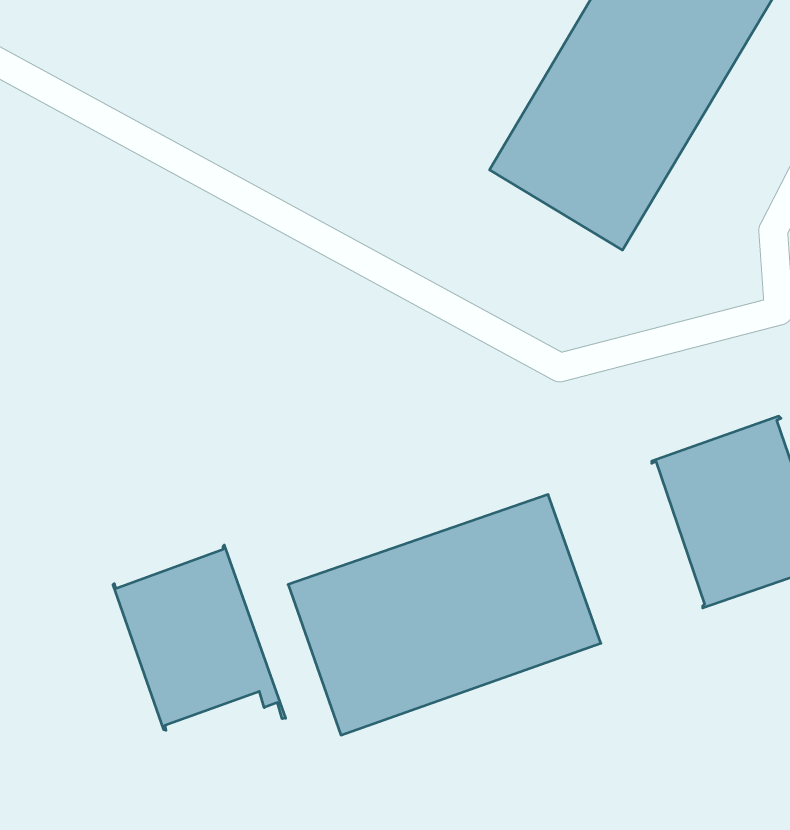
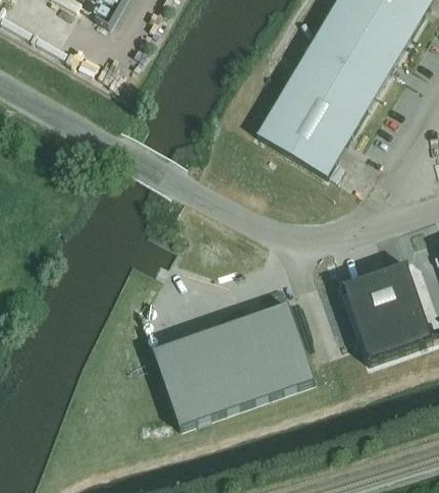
building: [113,545,286,730] -> none

